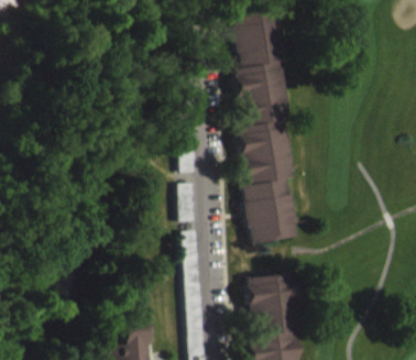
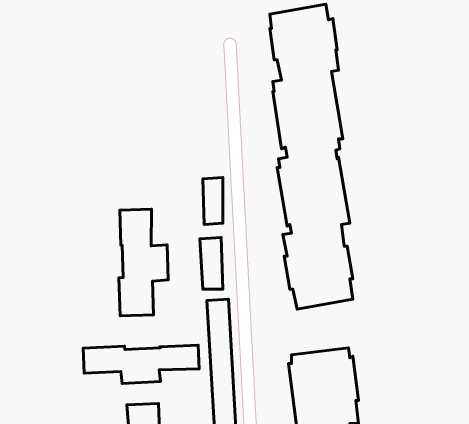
building: none -> [119,209,168,316]
building: none -> [83,345,199,383]

